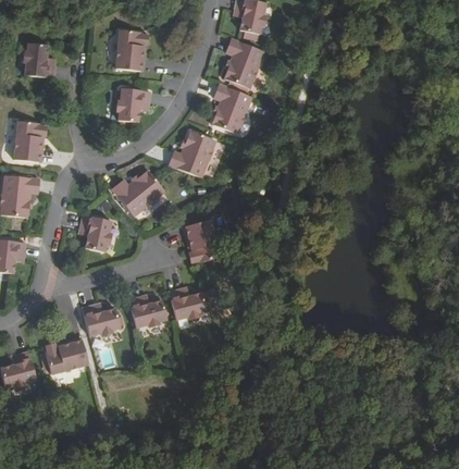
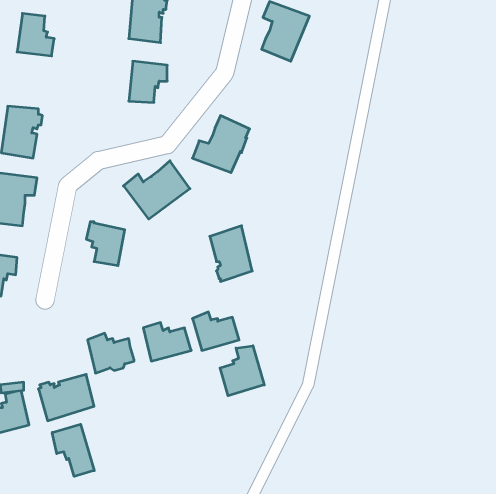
building: [212,82,253,131] -> none
building: none -> [220,346,264,396]
building: none -> [52,424,94,476]

